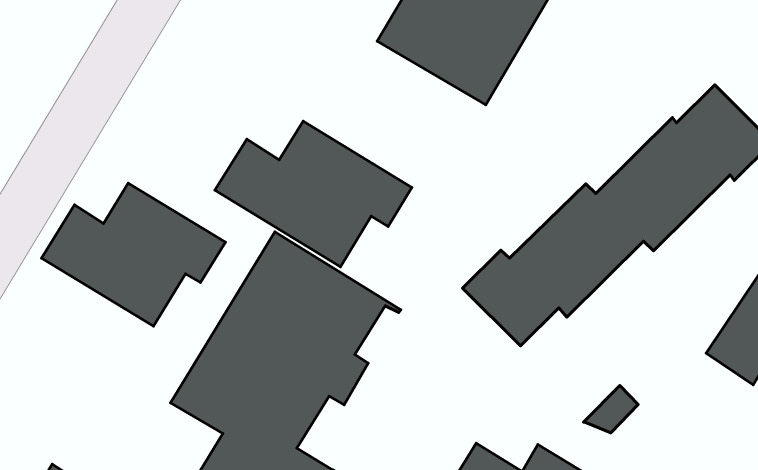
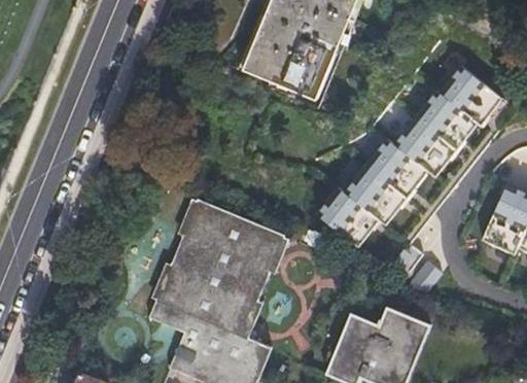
building: [215,121,412,267] -> none
building: [41,183,225,326] -> none

